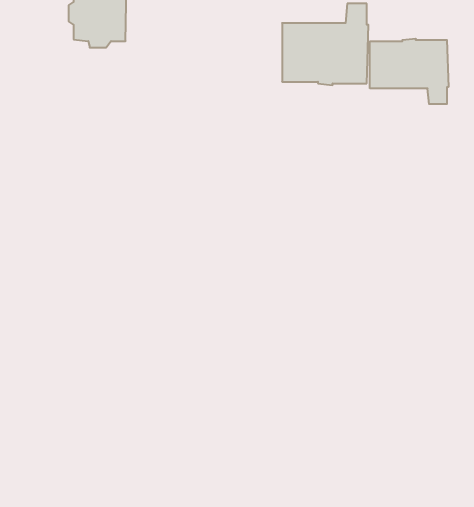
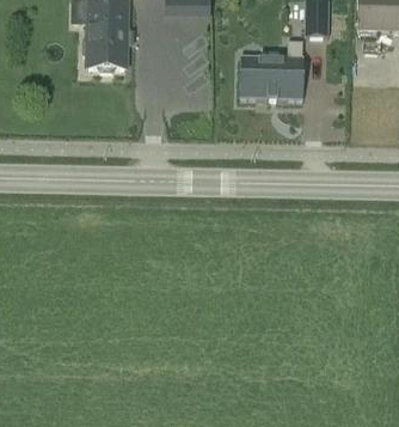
building: [370,39,448,104] -> none

